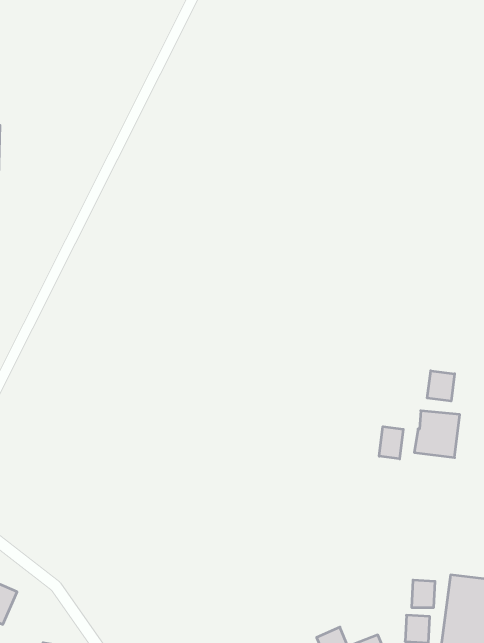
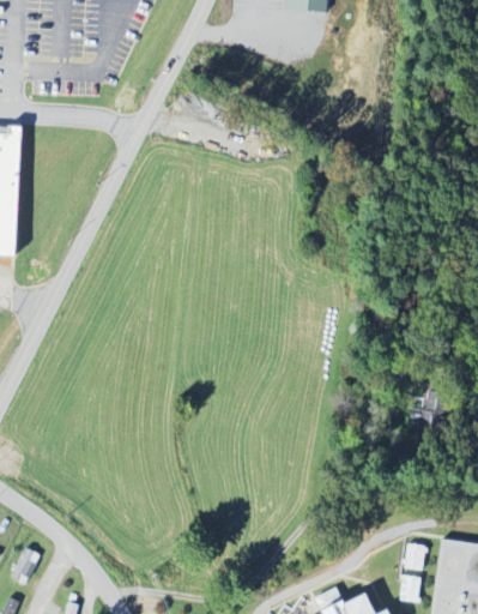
building: [427,371,455,401] -> none
building: [379,427,403,459] -> none

